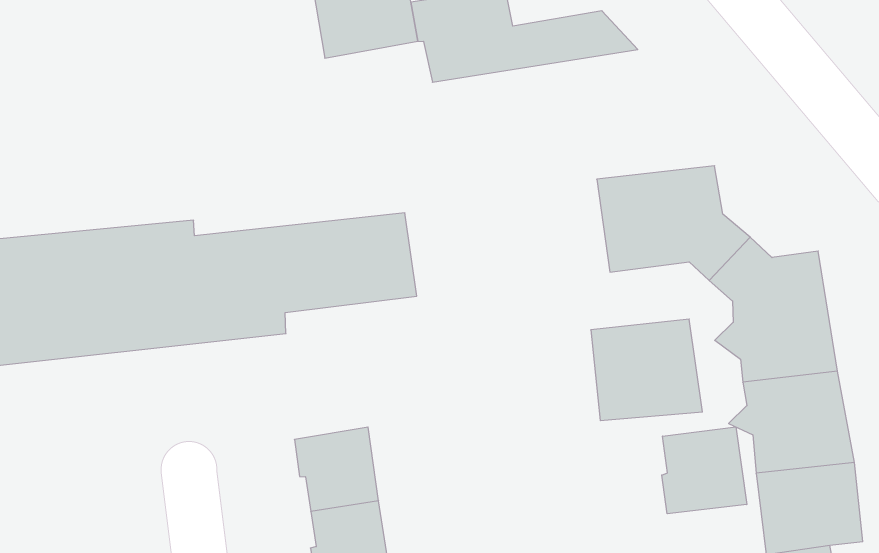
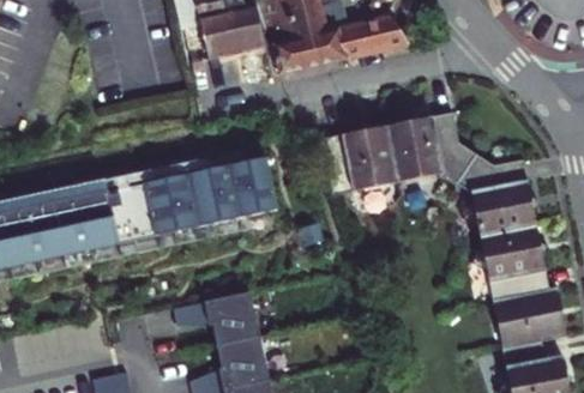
building: [591,319,702,421] -> [321,126,395,193]
building: [662,427,747,514] -> none

